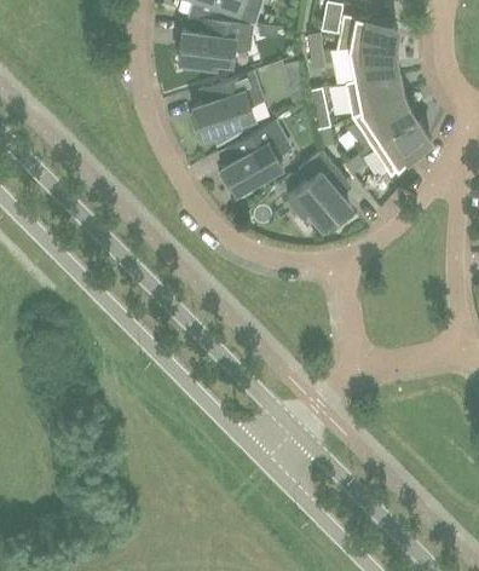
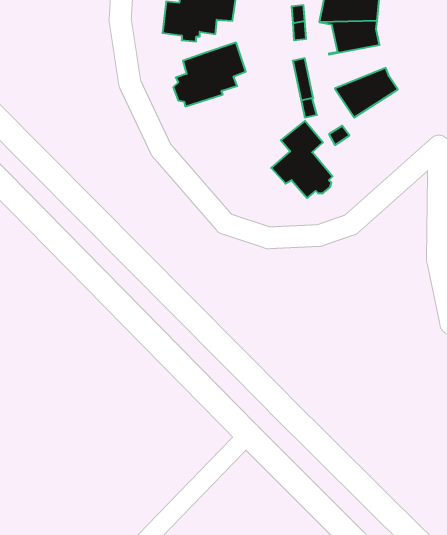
building: [346,76,403,120] -> none
building: [371,121,429,179] -> none
building: [219,122,290,195] -> none

